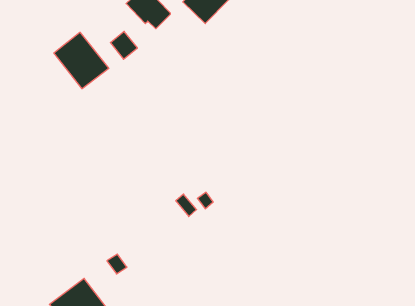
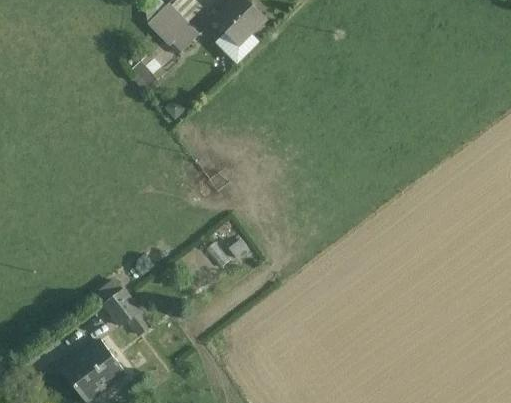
building: [54,32,109,89] -> none
building: none -> [103,289,138,325]

